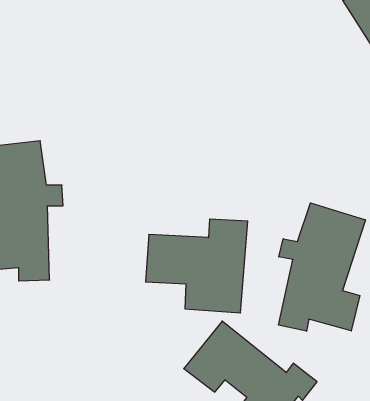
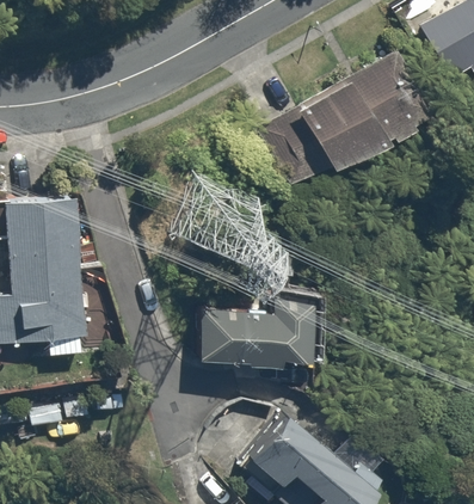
building: none -> [246,49,429,188]
building: [279,203,365,331] -> none

